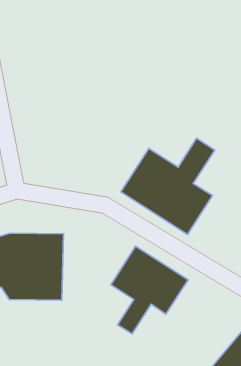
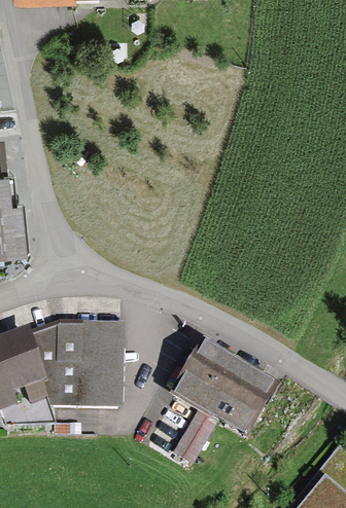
building: [121,138,215,235] -> none

